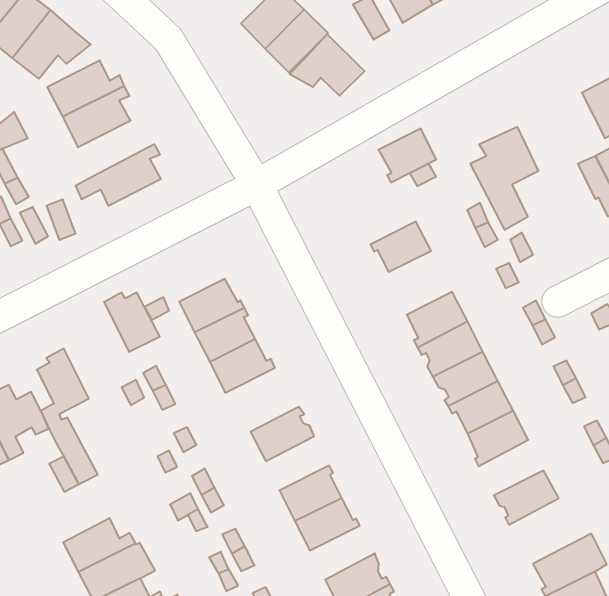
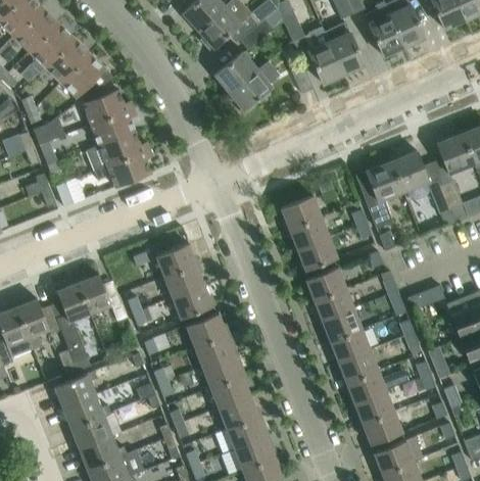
building: [290,34,365,96] -> none
building: none -> [392,151,430,200]
building: none -> [99,132,150,166]
building: [378,129,436,182] -> [281,196,319,230]
building: none -> [297,238,335,272]
building: [104,293,160,352] -> [77,274,111,314]
building: none -> [187,312,229,346]
building: none -> [203,353,245,387]
building: none -> [344,370,387,404]
building: none -> [55,371,97,407]
building: none -> [361,411,403,444]
building: none -> [227,416,270,449]

